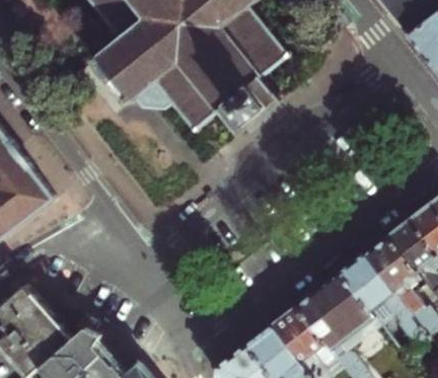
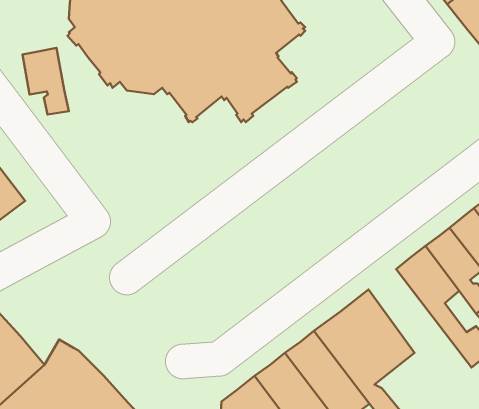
building: none -> [23,48,69,114]
building: [341,254,427,346] -> none

